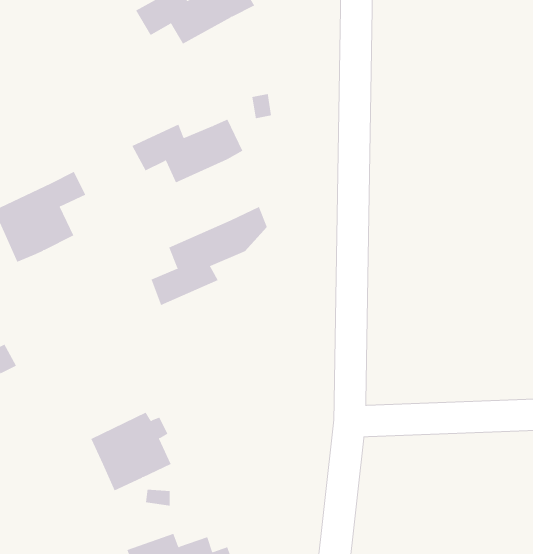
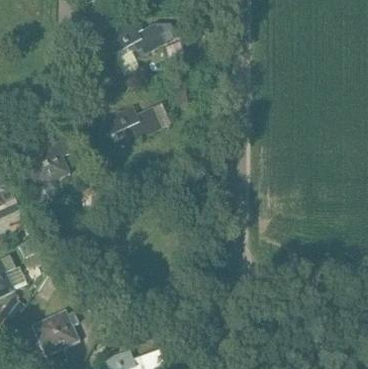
building: [151,206,268,306] -> none
building: [90,412,172,491] -> [31,309,80,357]

